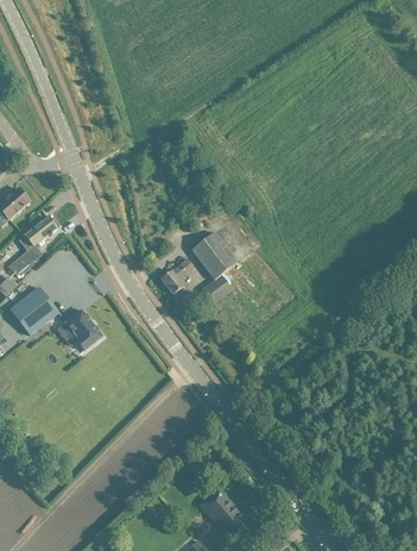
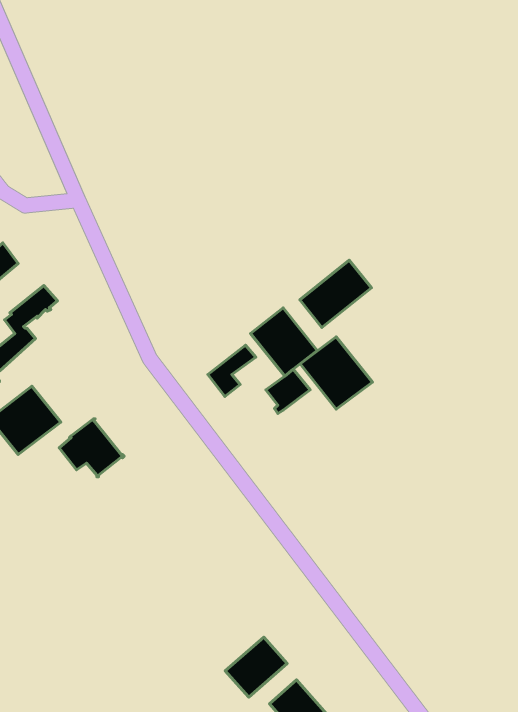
building: none -> [300,260,371,327]
building: none -> [300,337,372,409]
building: none -> [225,637,287,697]

